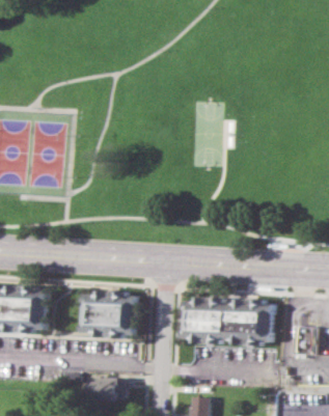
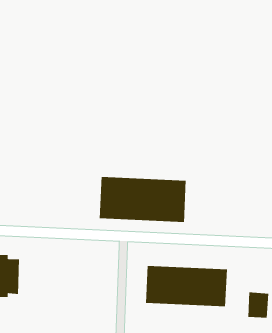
building: none -> [99,176,186,223]
building: [84,295,140,335] -> none

